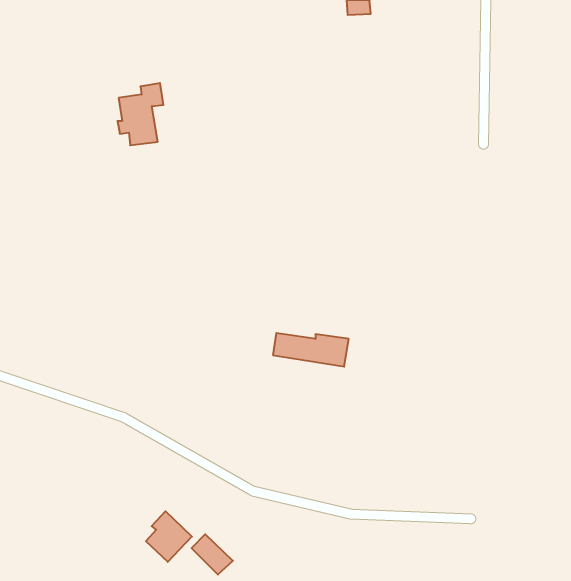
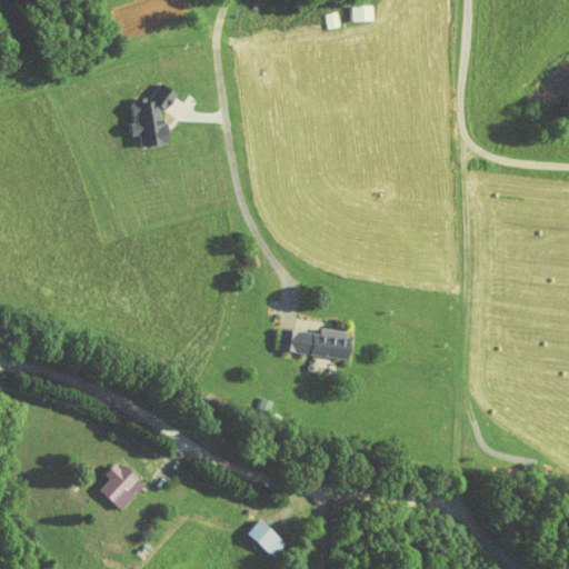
building: [146,511,192,562] -> [100,460,144,509]
building: [192,534,233,575] -> [248,518,288,557]

